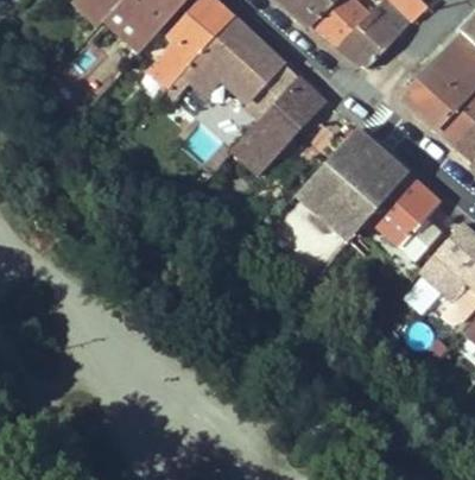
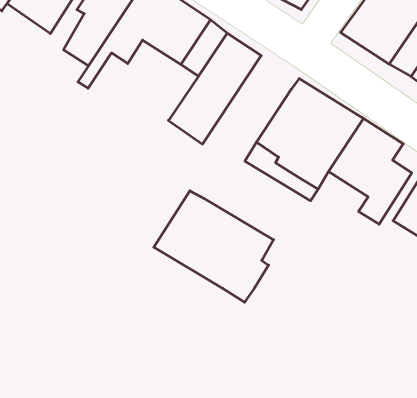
building: none -> [154,191,274,302]

